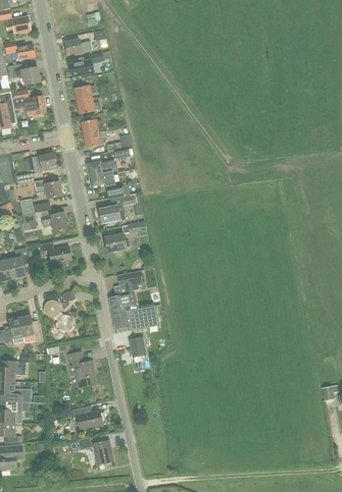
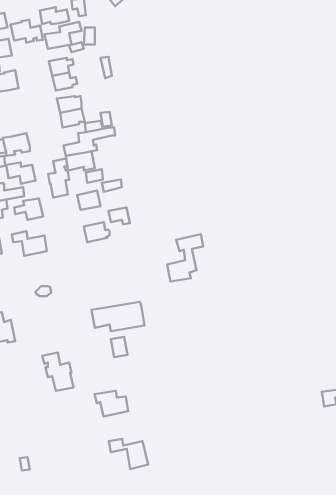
building: none -> [10,20,43,42]
building: none -> [48,159,69,198]
building: [108,270,141,313] -> [167,234,203,281]
building: [43,299,74,331] -> none
building: [70,405,101,429] -> [95,391,128,417]
building: [77,437,112,464] -> [109,439,148,469]

